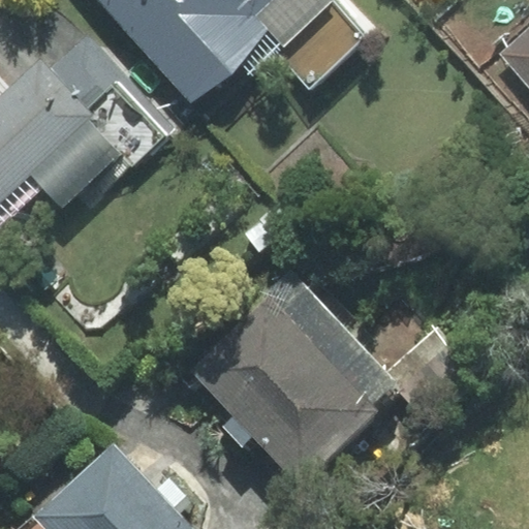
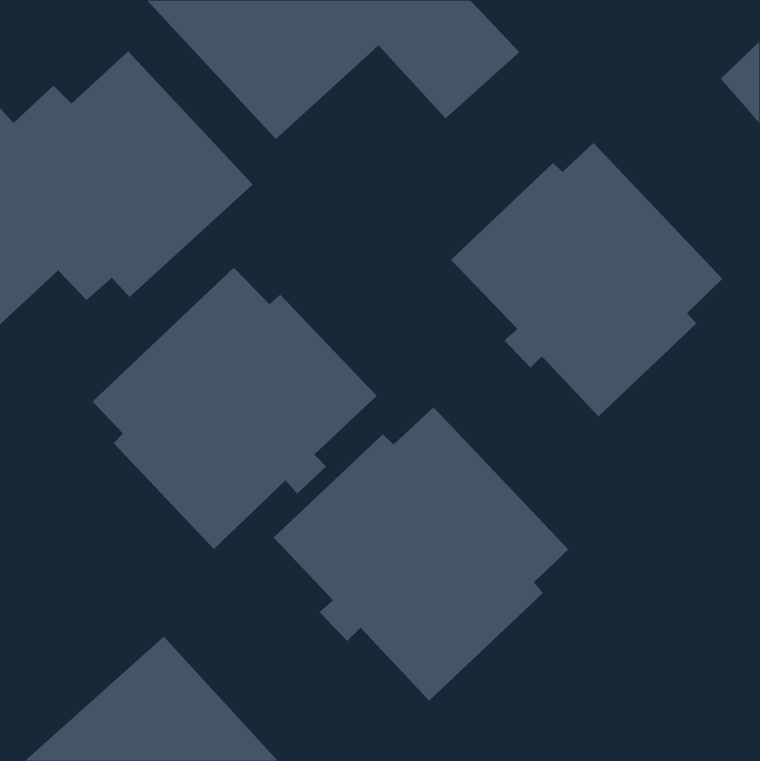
building: none -> [450,142,723,417]
building: none -> [92,267,377,550]

